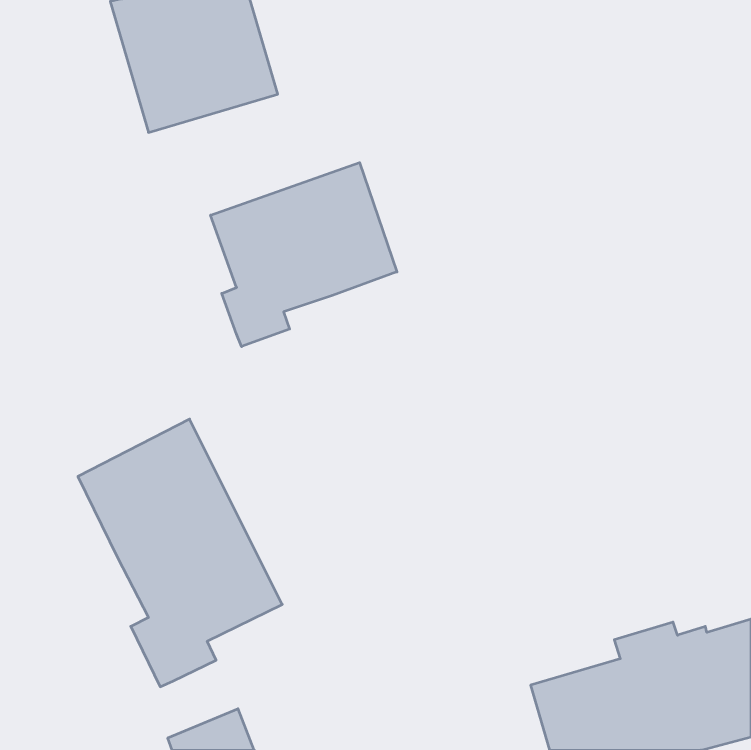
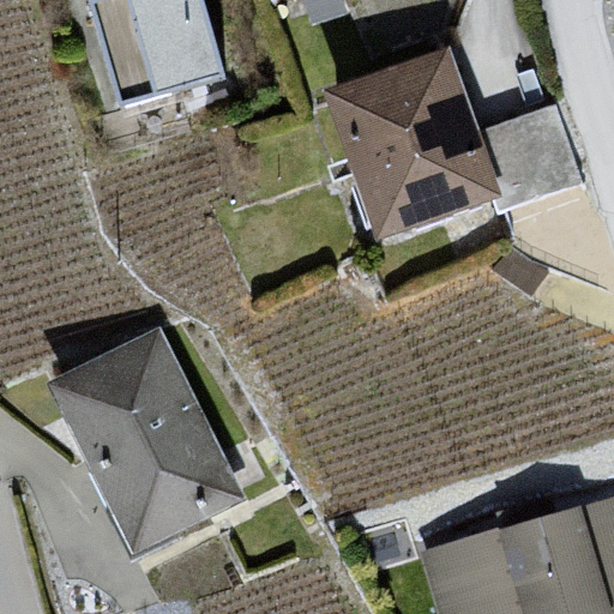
building: none -> [337,53,583,228]
building: [211,163,397,347] -> none

